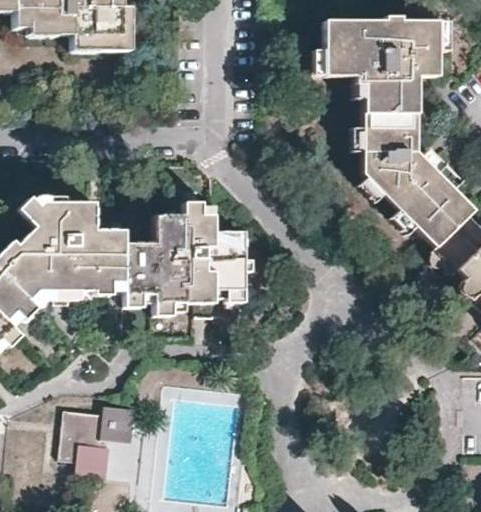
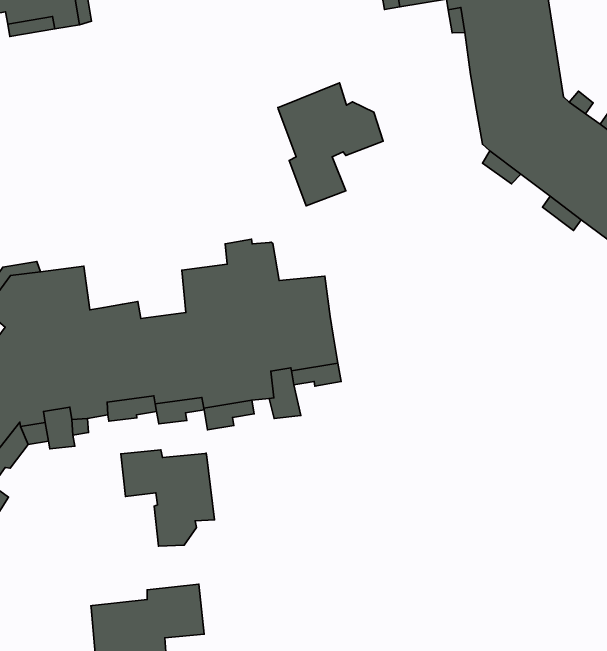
building: none -> [278,83,383,206]
building: none -> [121,450,215,546]

